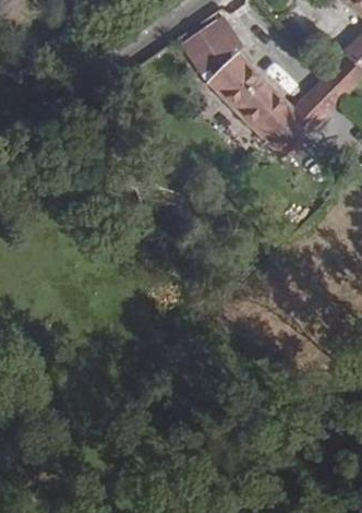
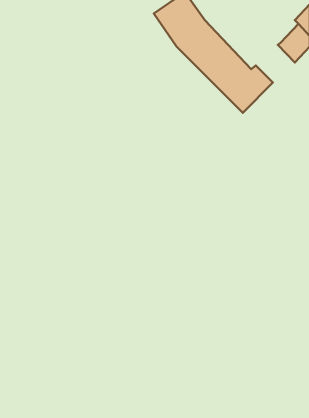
building: [299,80,343,123] -> none

